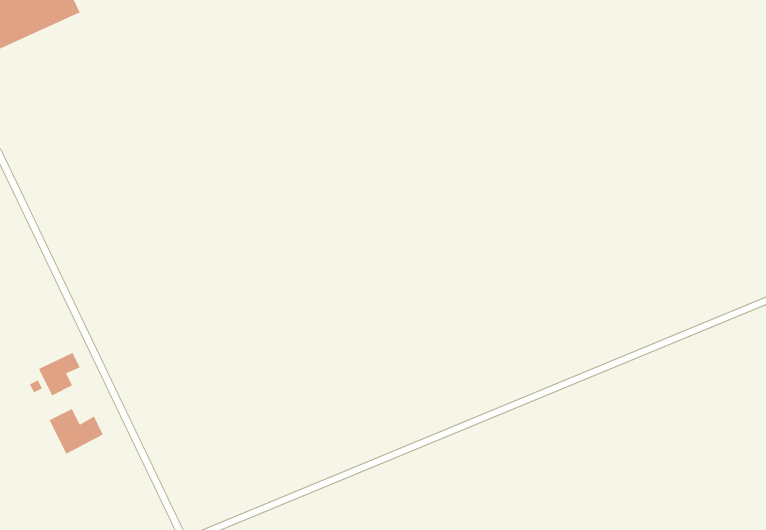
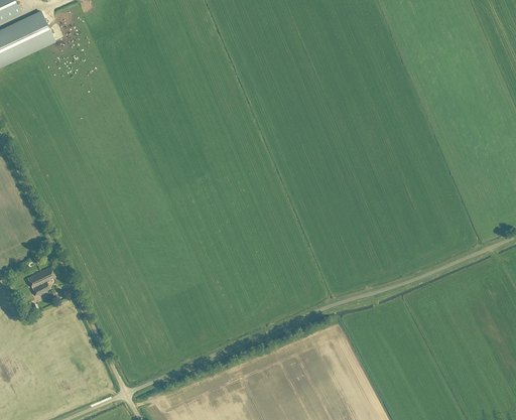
building: [49,408,104,455] -> none

